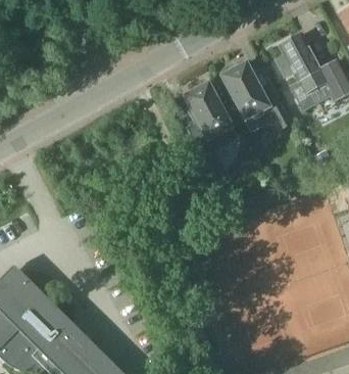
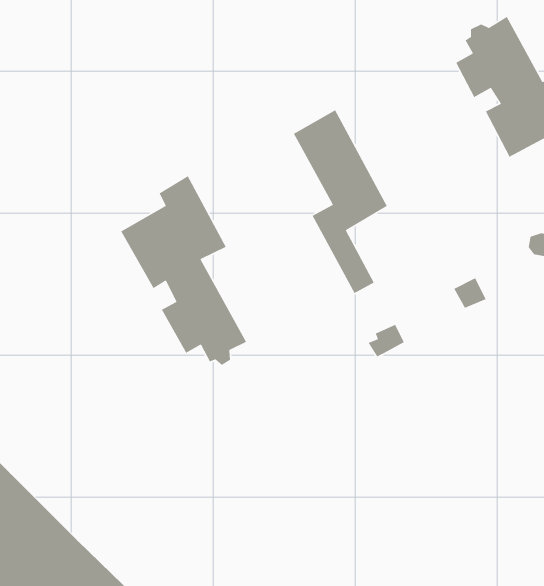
building: [222,63,292,130] -> none
building: none -> [120,175,247,366]

